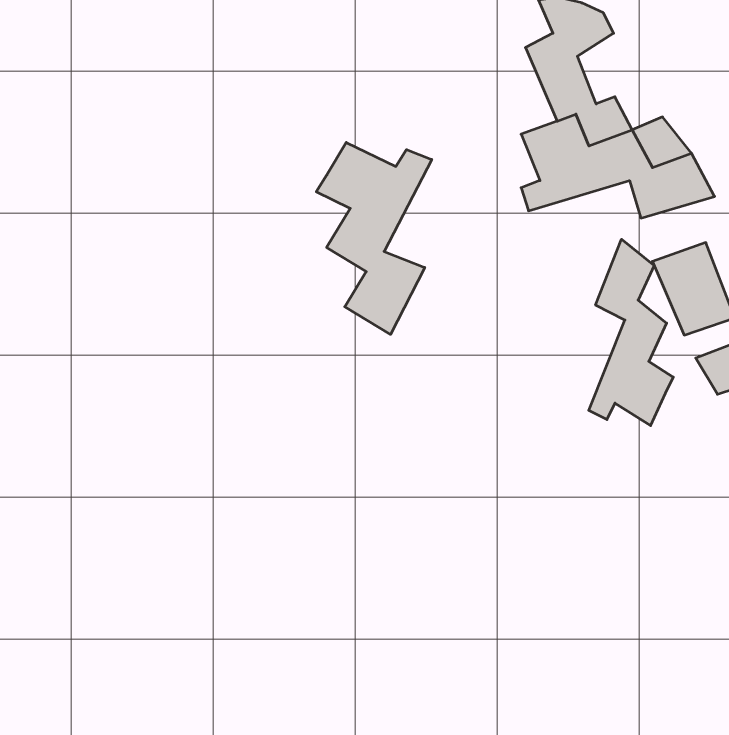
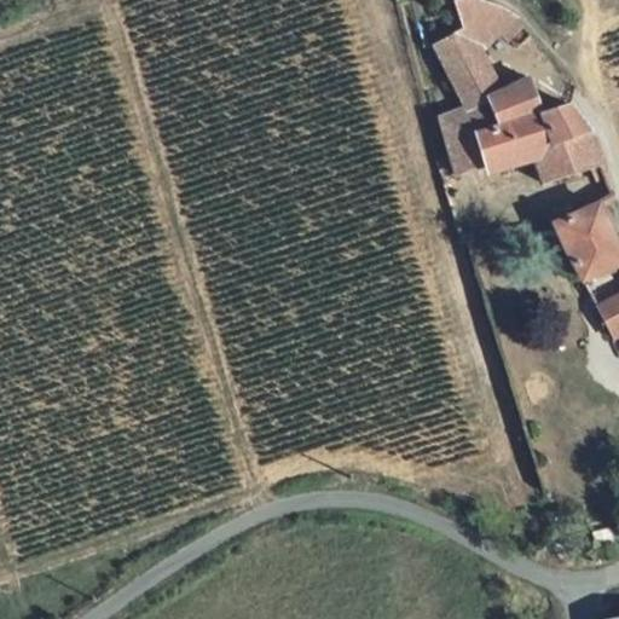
building: [316,142,432,334] -> none
building: [589,239,673,426] -> none

